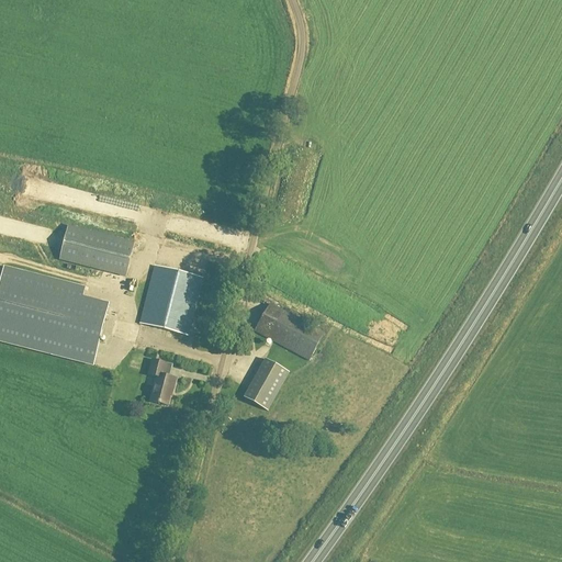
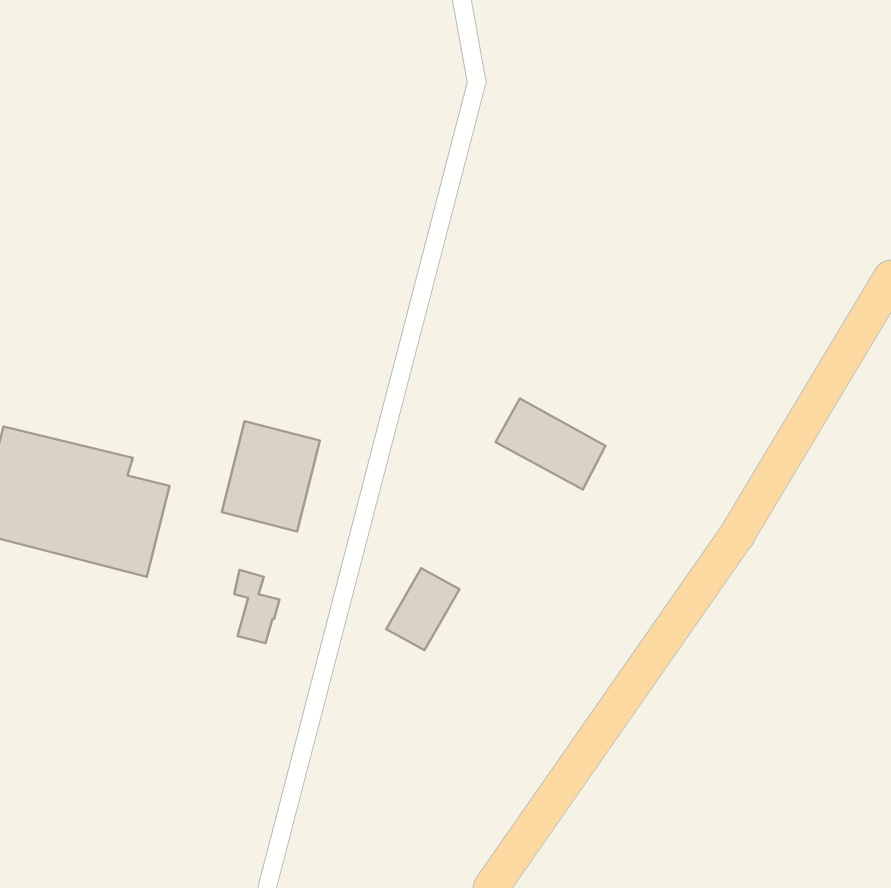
building: [58,224,134,274] -> none
building: [254,301,323,358] -> [495,398,605,489]

